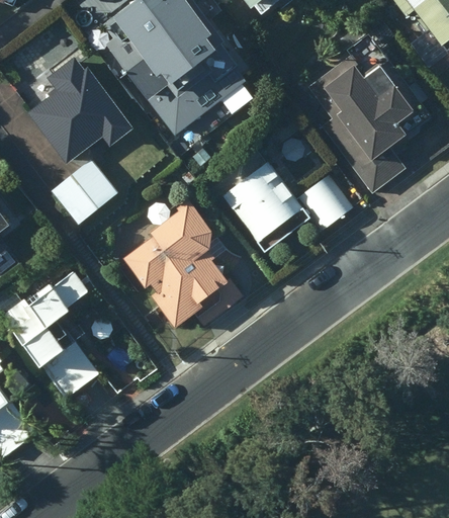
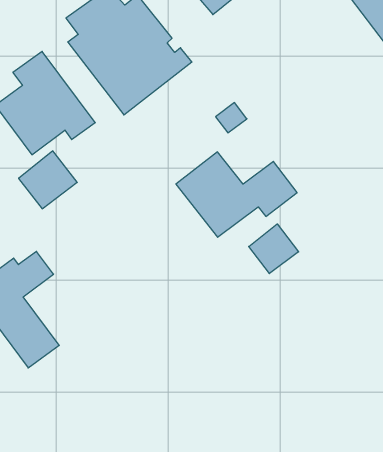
building: [312,61,436,193] -> none
building: [117,198,246,335] -> none
building: none -> [249,224,299,274]

